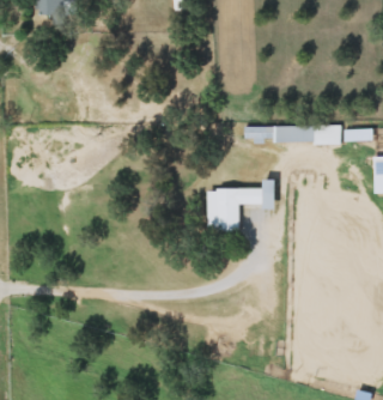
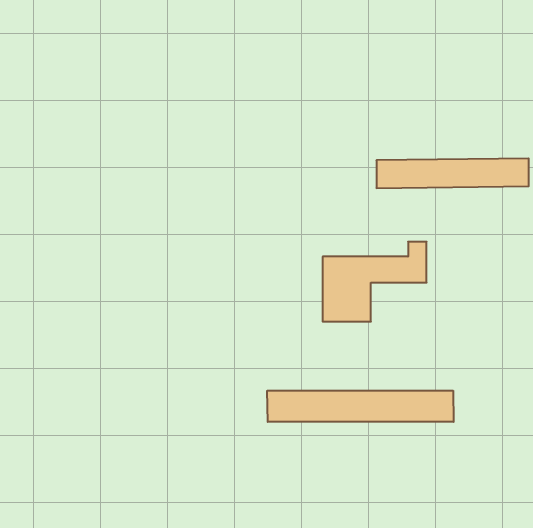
building: none -> [267,391,454,422]

